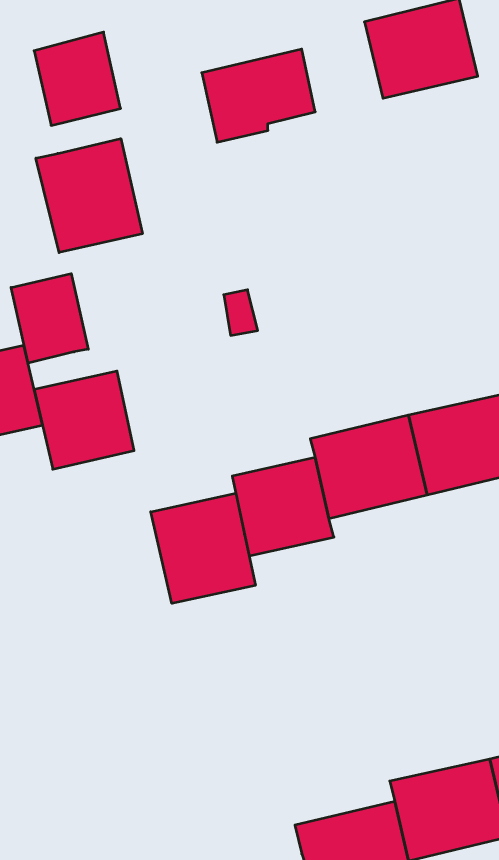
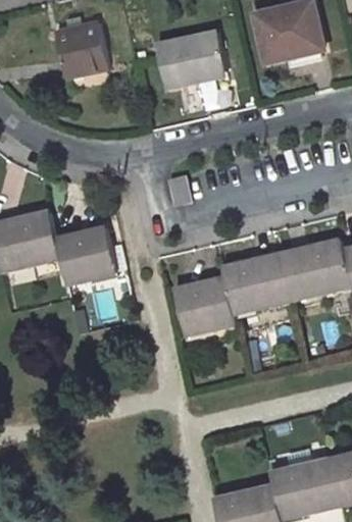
building: [36,139,142,253] -> none
building: [11,274,88,363] -> none
building: [151,493,255,603] -> none

